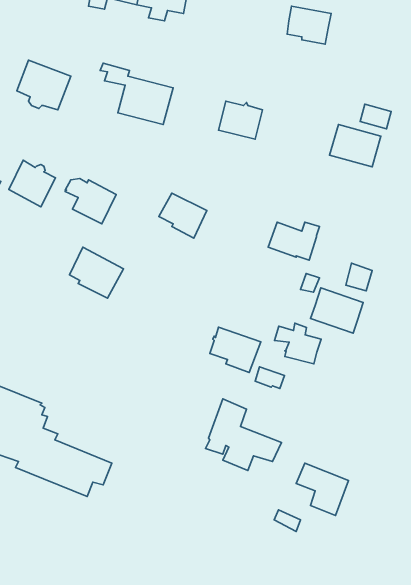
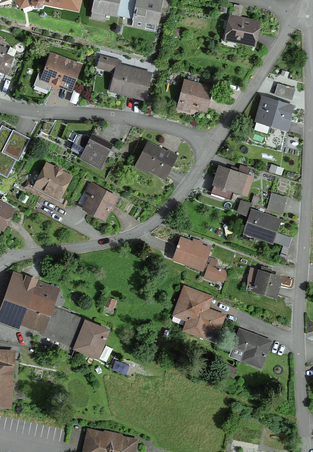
building: [9,160,55,207] -> [36,165,68,197]
building: [275,323,321,364] -> [247,267,279,295]

